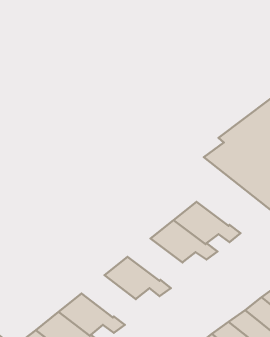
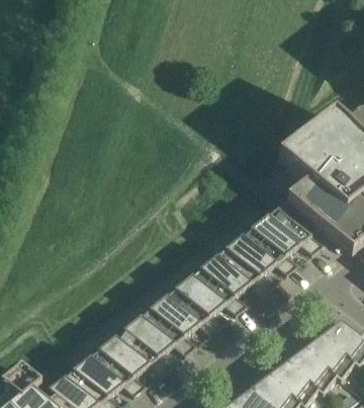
building: none -> [250,208,323,254]
building: none -> [174,268,247,315]
building: none -> [123,309,196,355]

